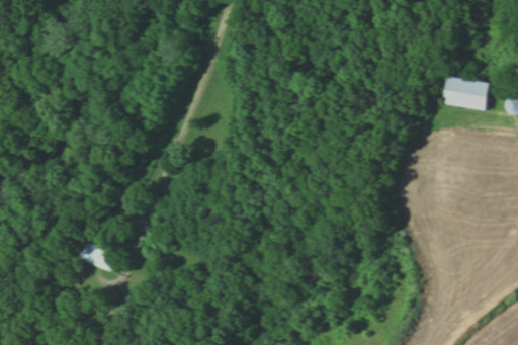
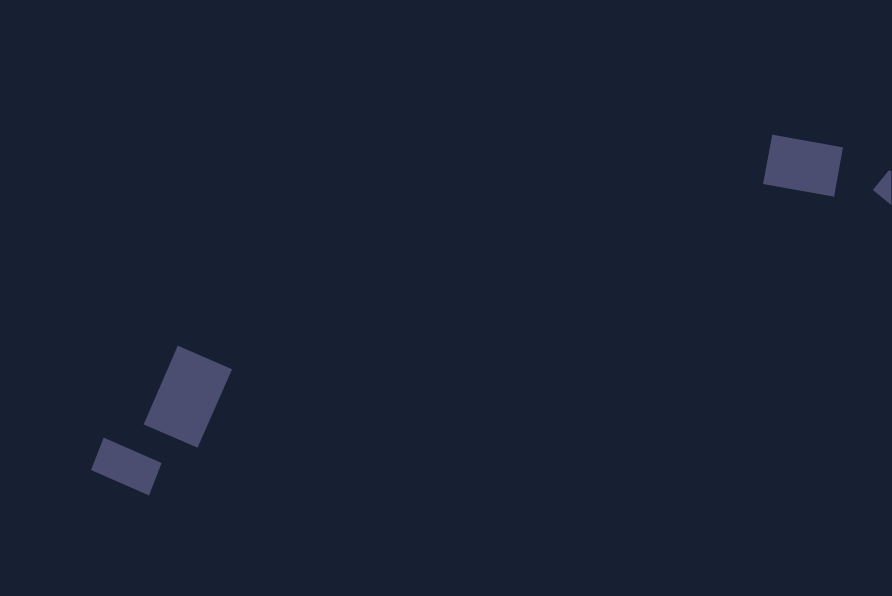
building: none -> [143,345,233,449]

